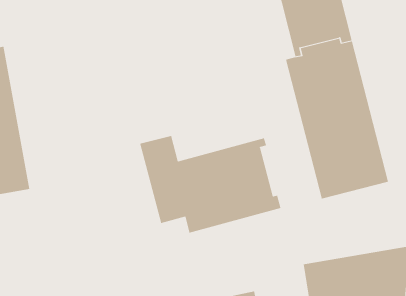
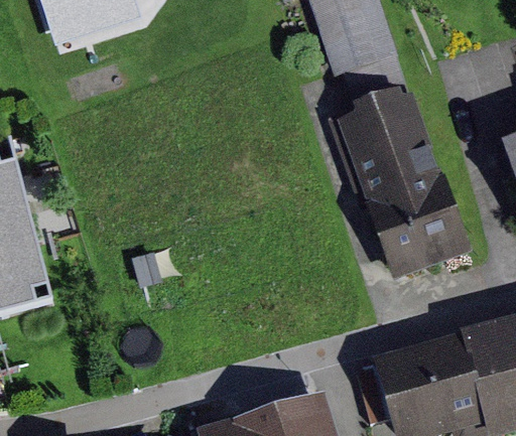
building: [139,135,281,233] -> none

